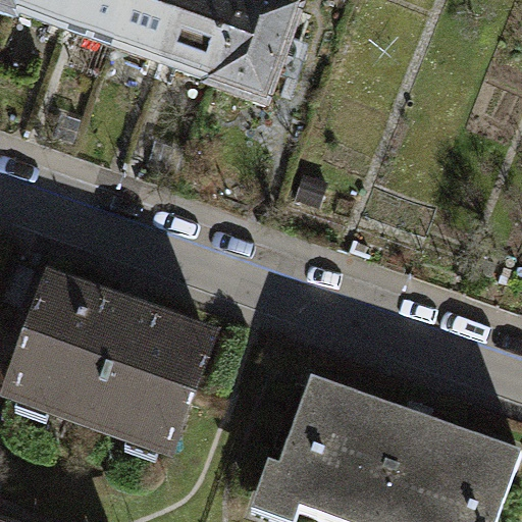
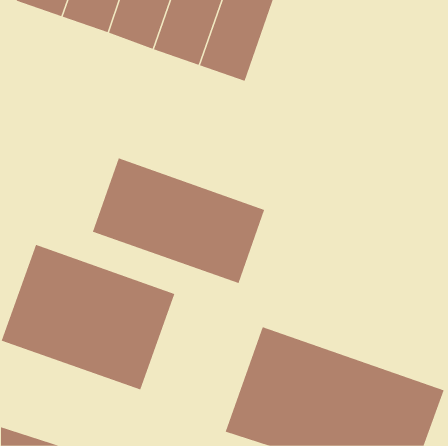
building: none -> [92,158,265,284]

